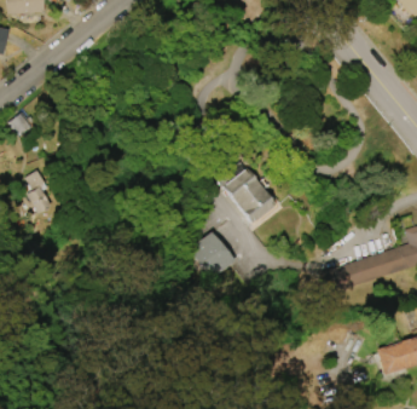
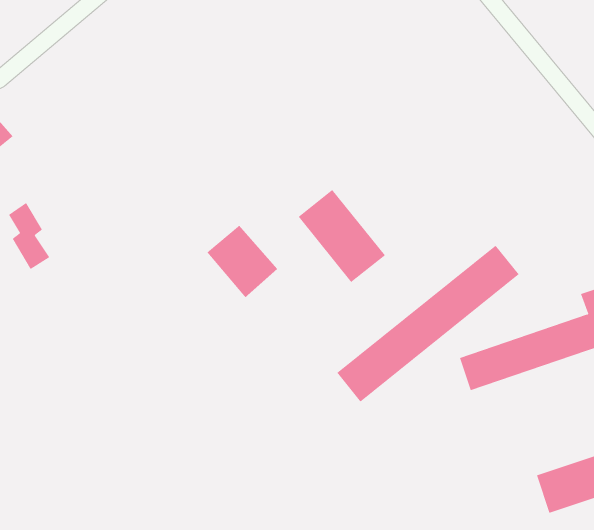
building: none -> [337,245,519,402]
building: [190,232,237,281] -> [207,225,278,298]

